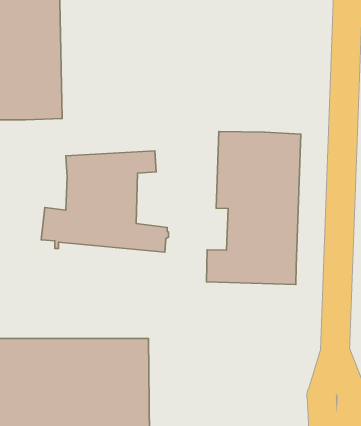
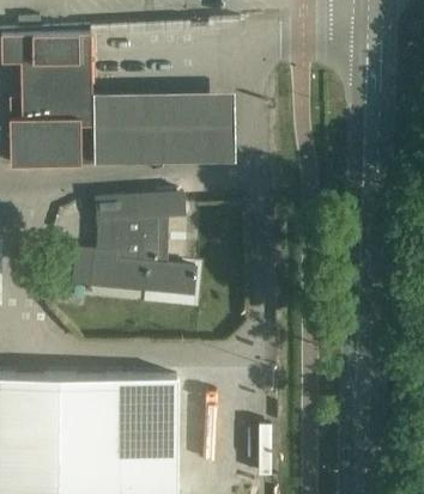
building: none -> [92,98,234,170]
building: [206,132,301,284] -> none

